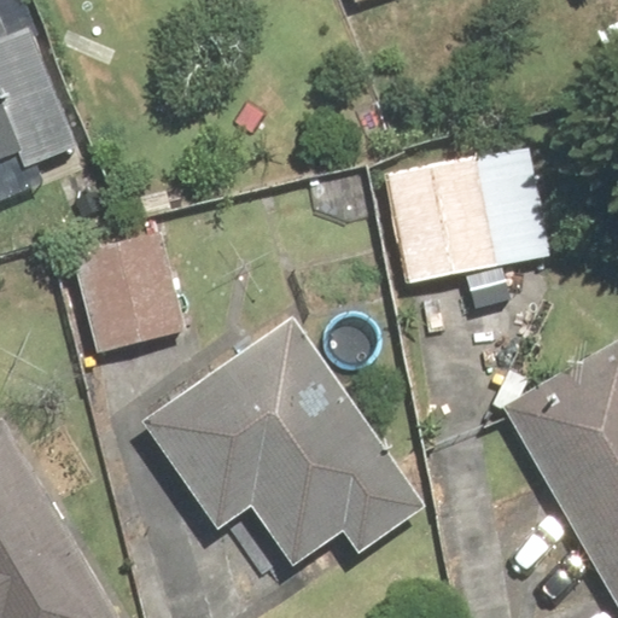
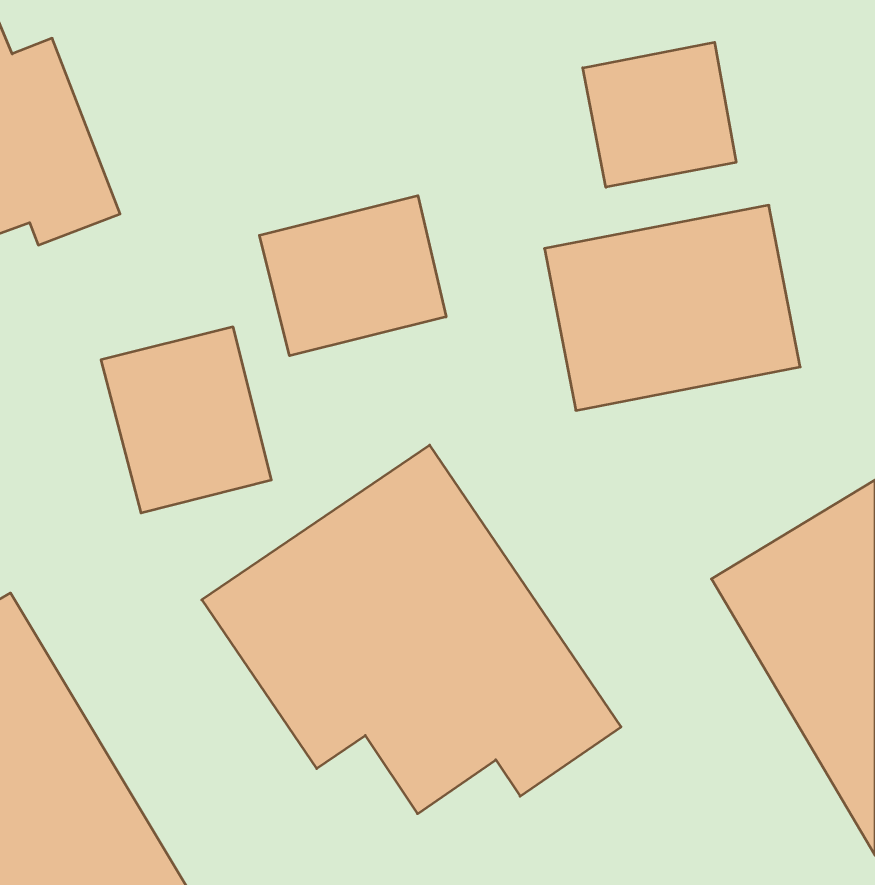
building: none -> [583,42,736,187]
building: none -> [259,196,446,356]

